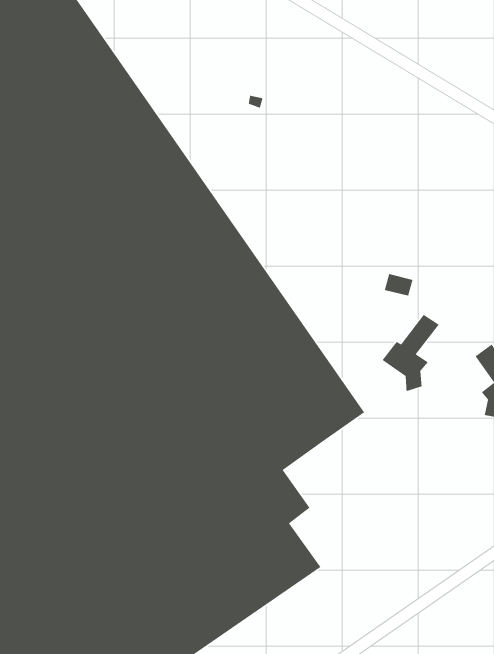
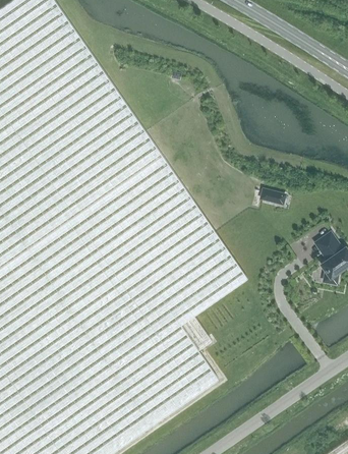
building: [381,314,440,392] -> none

